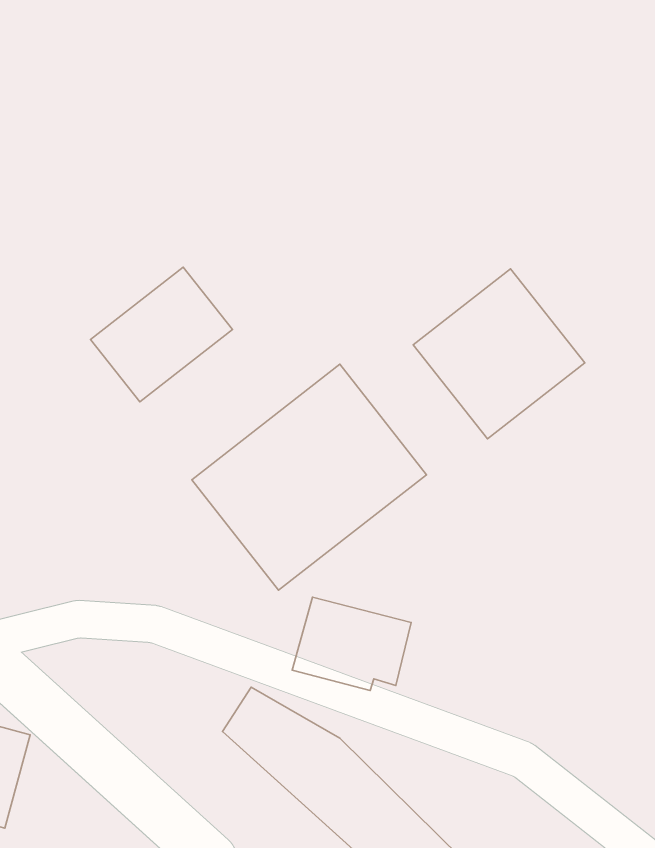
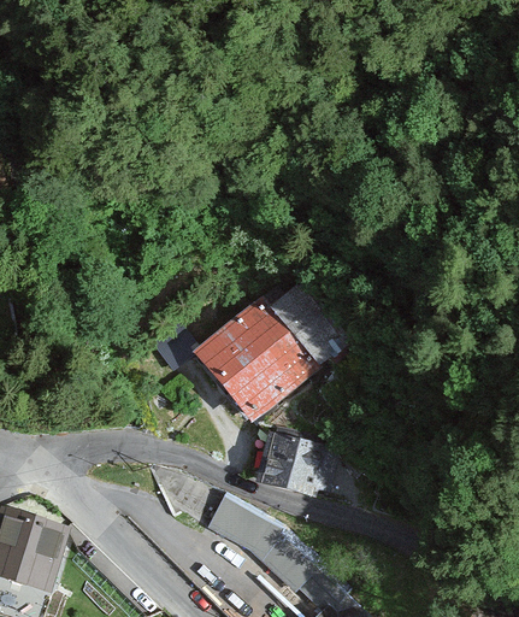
building: [90,267,232,402] -> none
building: [413,269,585,439] -> none

